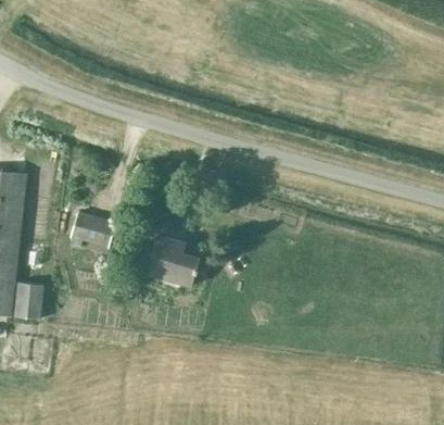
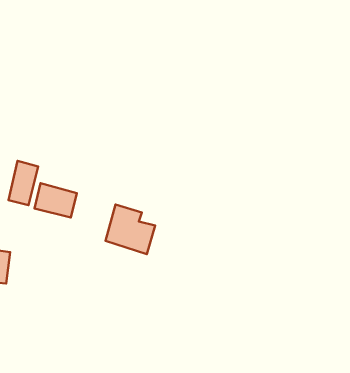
building: none -> [8,161,38,205]

